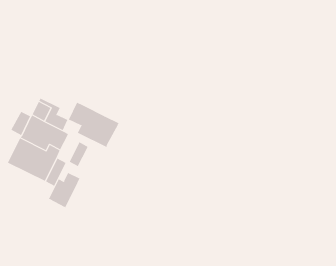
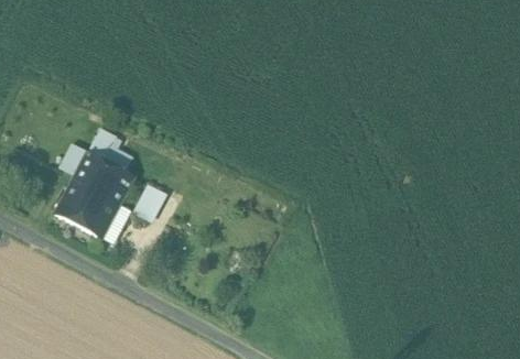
building: [68,102,119,148] -> none
building: [48,172,80,208] -> none

